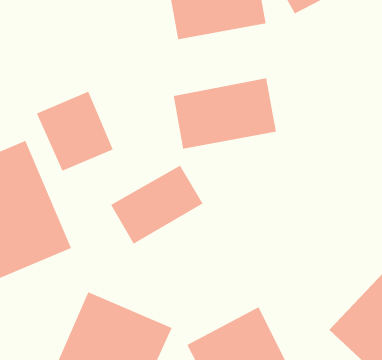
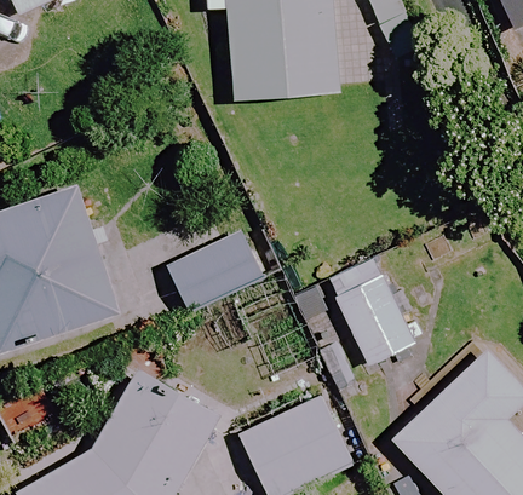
building: [173,77,277,149] -> none
building: [36,91,113,171] -> none
building: none -> [326,260,412,367]

